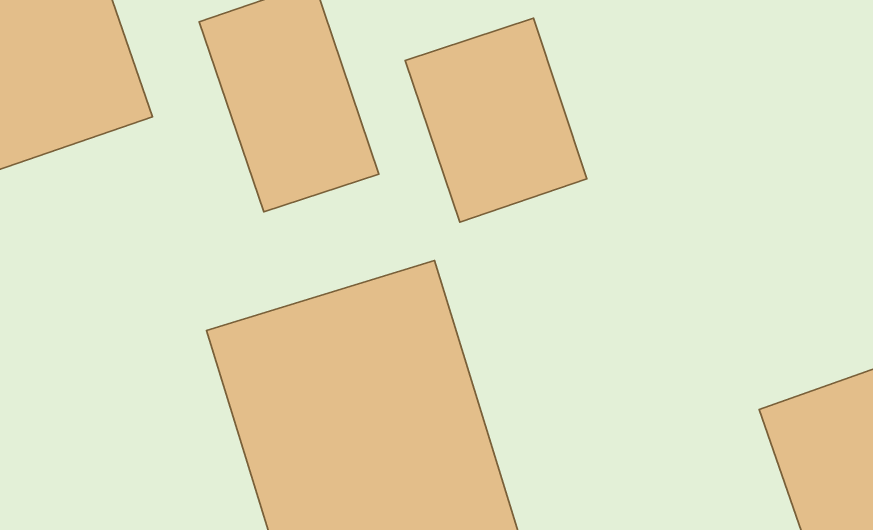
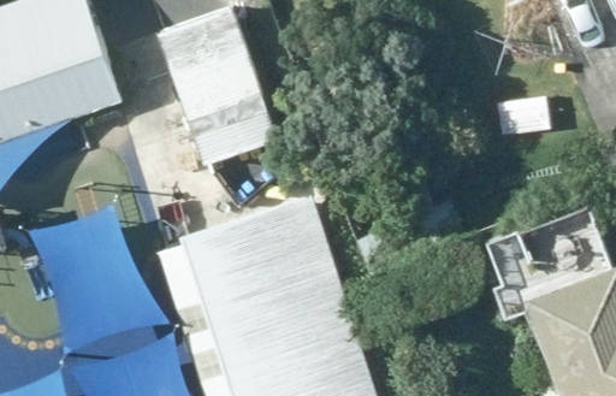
building: [405,18,587,222] -> none

